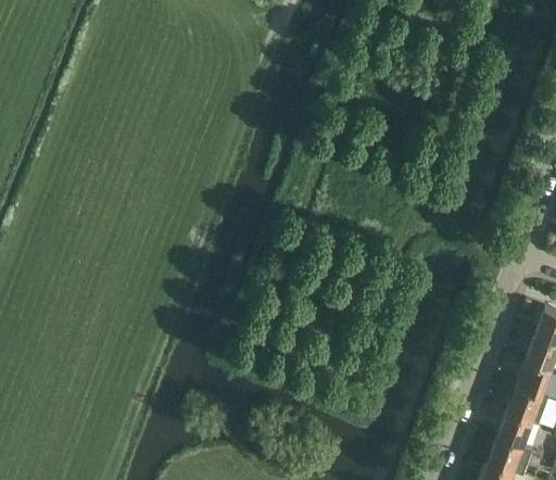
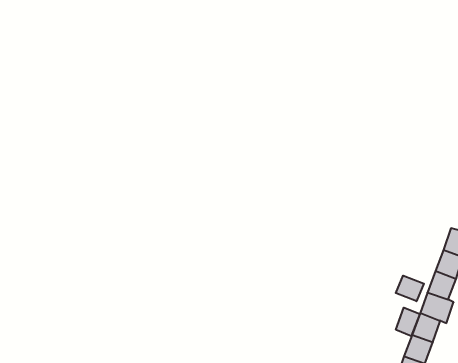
building: none -> [396,276,424,301]
building: none -> [396,308,420,336]

